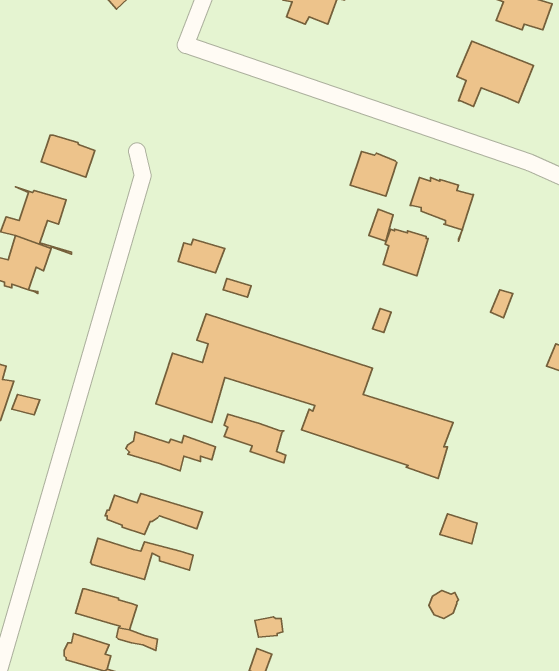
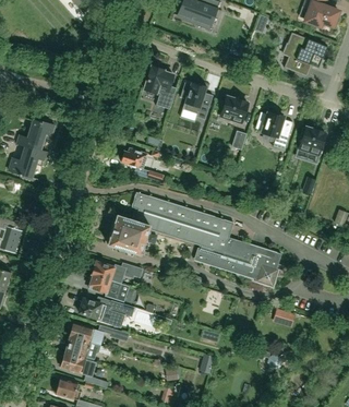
building: none -> [144,67,173,109]
building: none -> [180,83,213,120]
building: [41,135,95,177] -> none
building: [383,229,428,276] -> [299,128,325,155]
building: [224,414,286,463] -> [88,274,124,302]
building: none -> [65,338,100,361]

